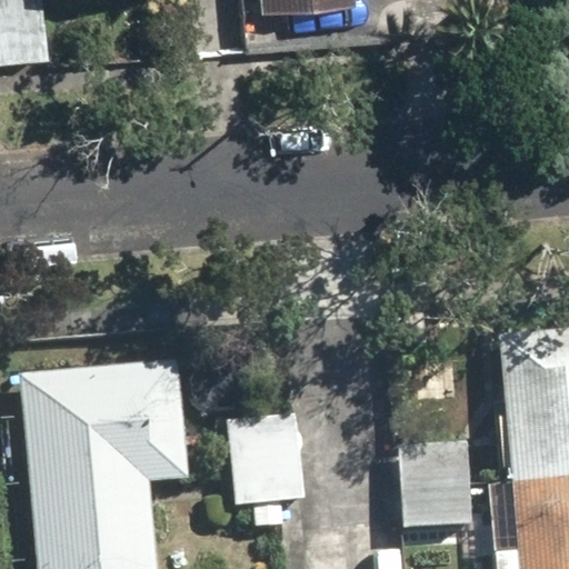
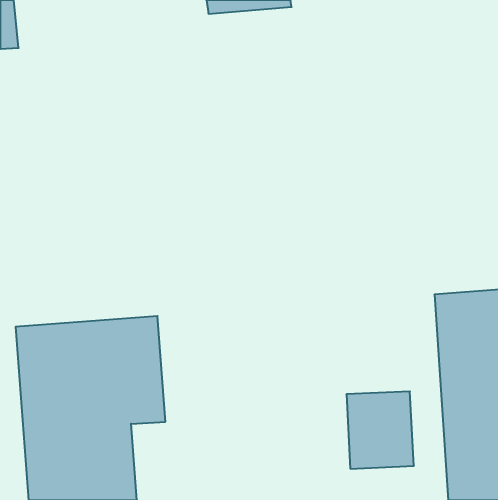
building: [229,401,303,508] -> none

